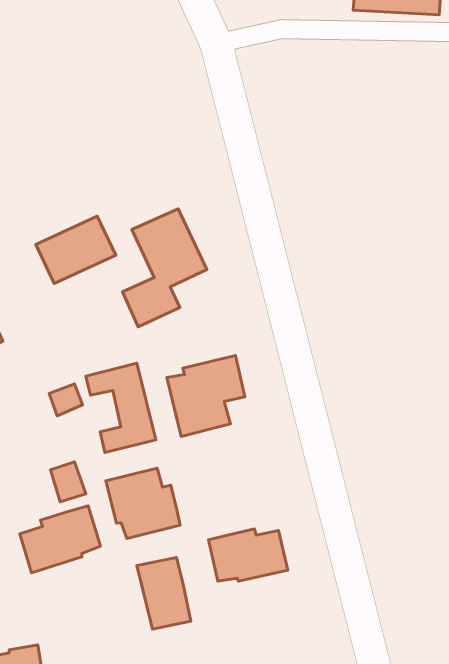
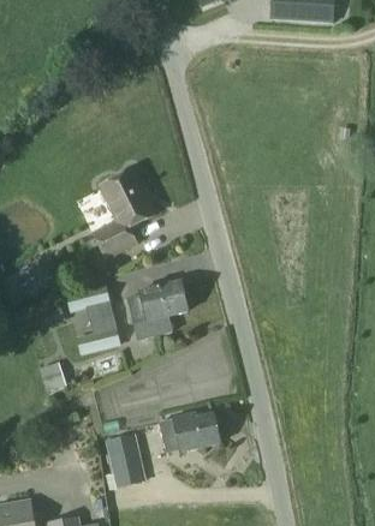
building: [36,216,116,284] -> none
building: [106,468,180,538] -> none
building: [20,506,101,573] -> none

